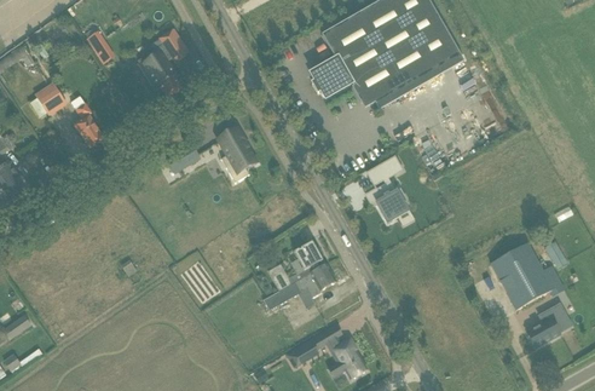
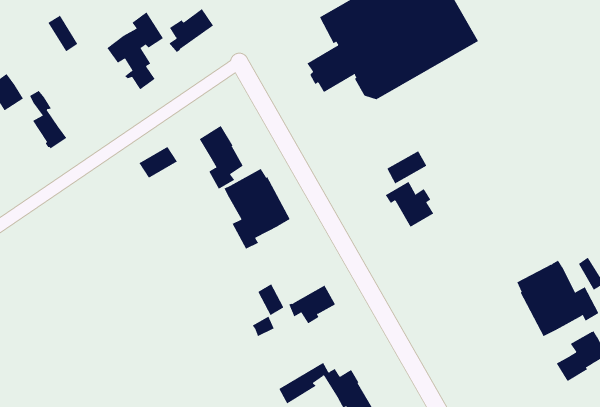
building: none -> [168,8,214,53]
building: none -> [224,168,291,249]
building: [293,241,325,280] -> none

